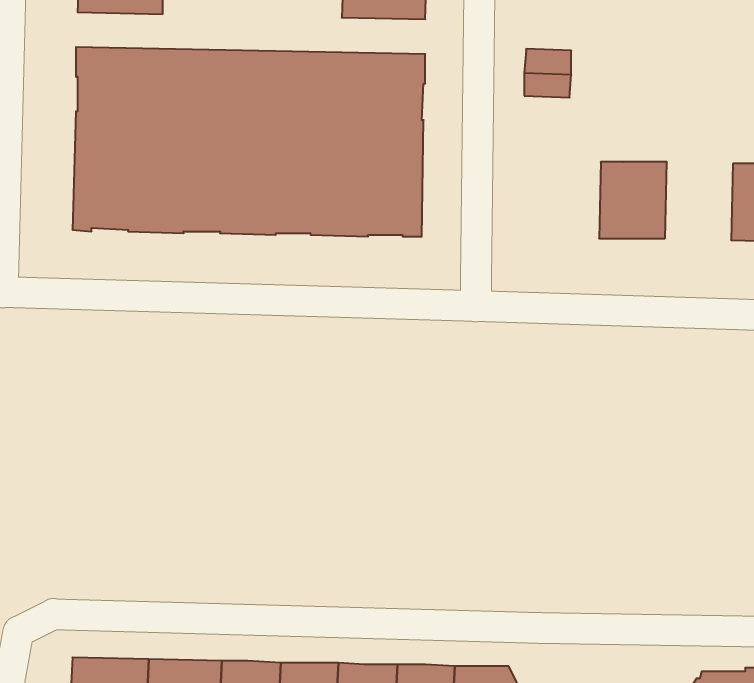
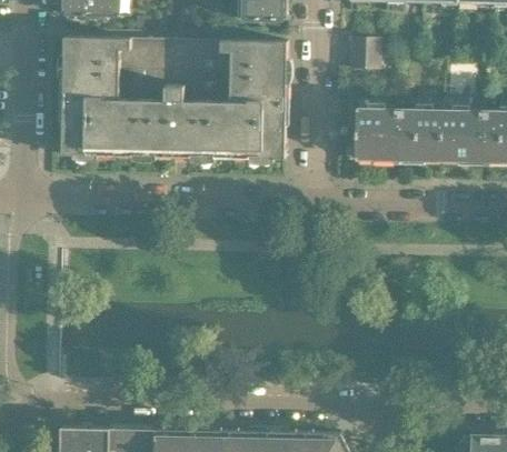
building: none -> [355,109,398,159]
building: none -> [439,110,483,160]

